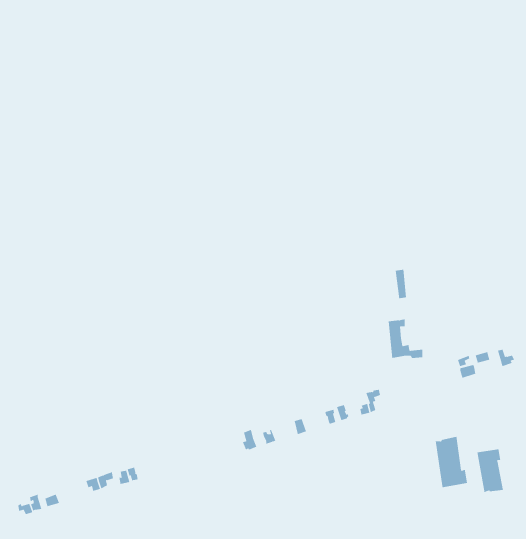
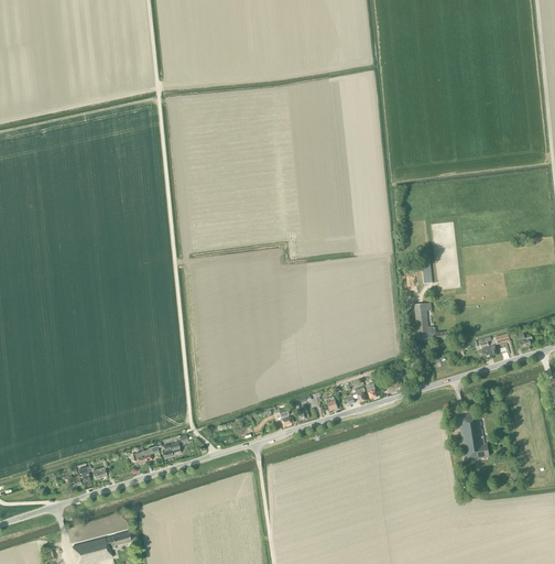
building: [477,449,504,493] -> none

